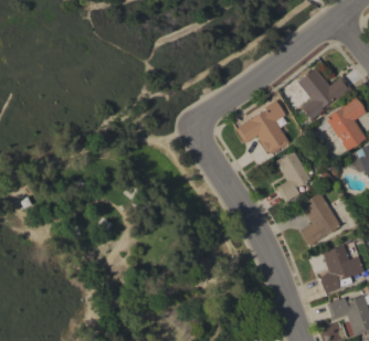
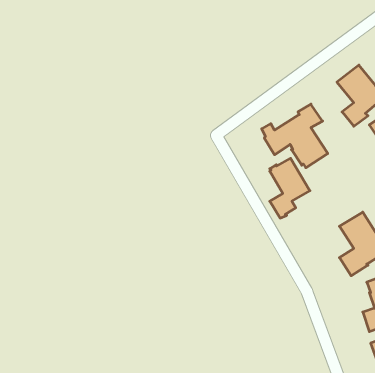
building: [277,151,312,202] -> [270,158,310,218]

